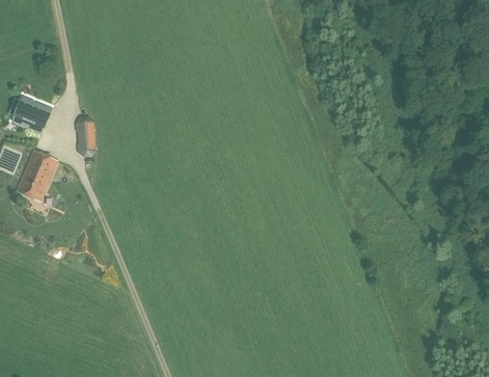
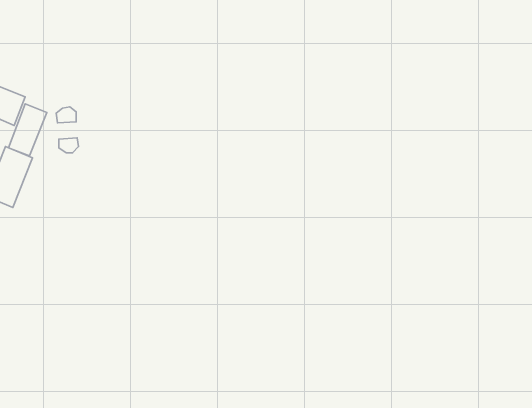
building: none -> [9,104,47,156]

